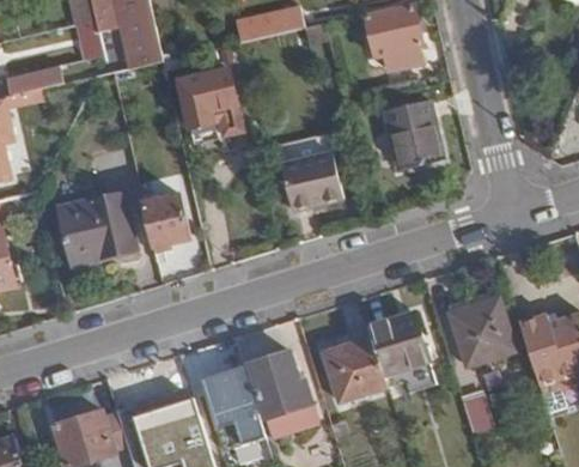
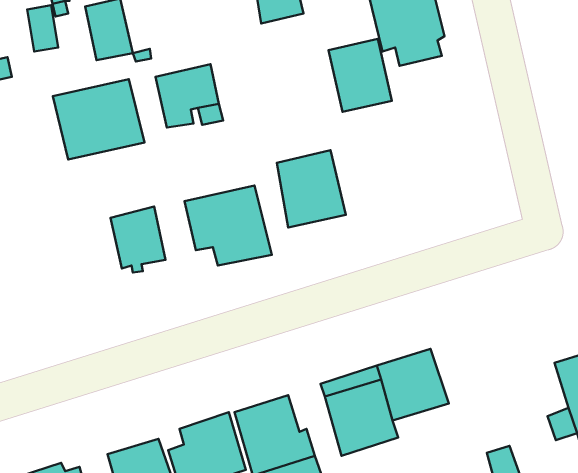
building: [385,101,439,163] -> [328,39,392,112]
building: none -> [184,186,272,266]
building: [57,193,135,261] -> [53,79,144,159]
building: [449,296,513,366] -> none

